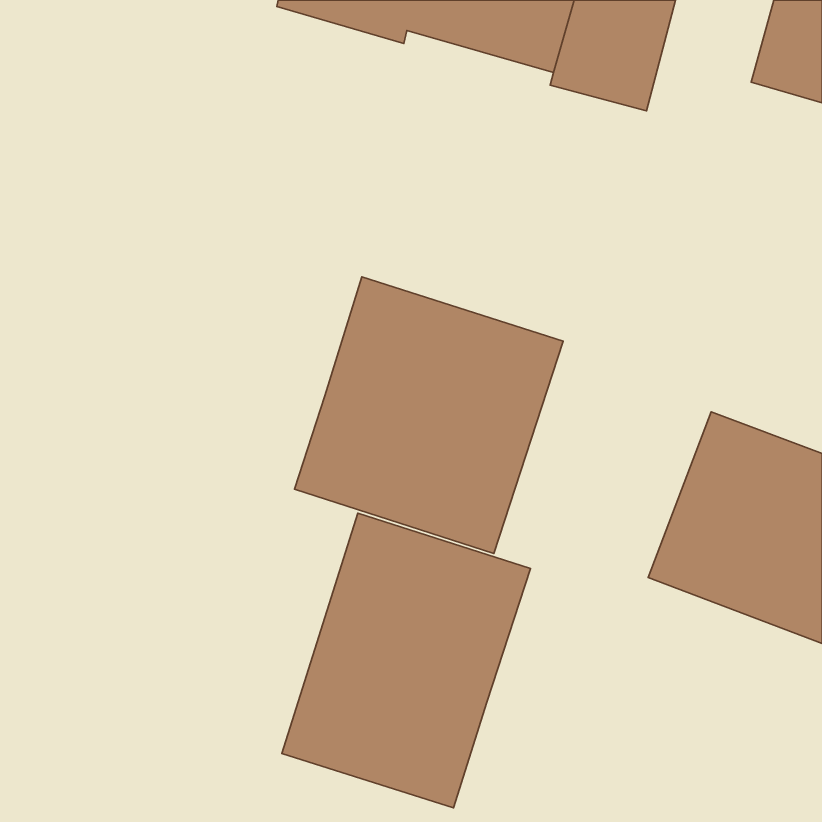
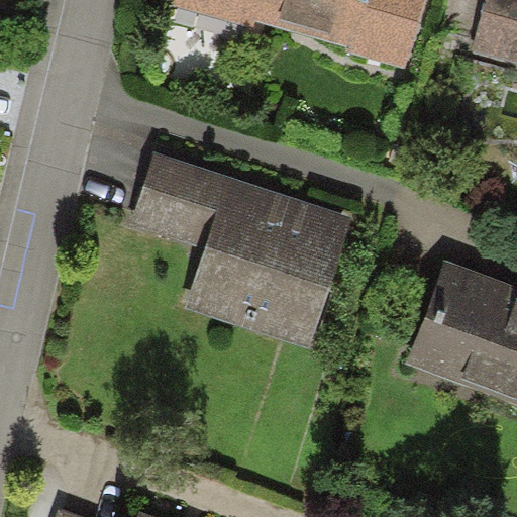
building: none -> [129,150,227,248]
building: [282,513,530,808] -> none

